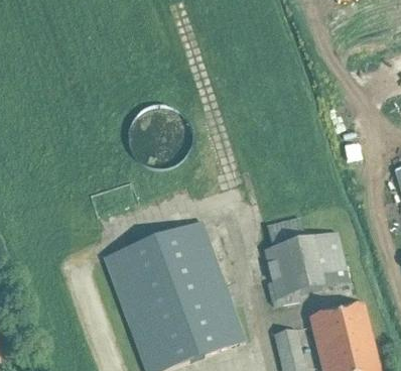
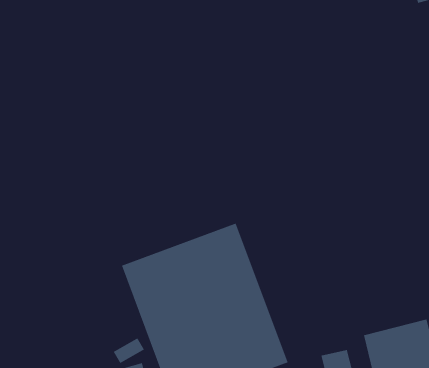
building: [264,218,350,305] -> none

